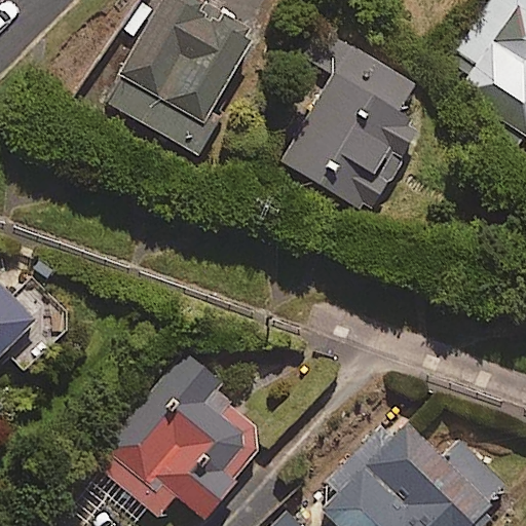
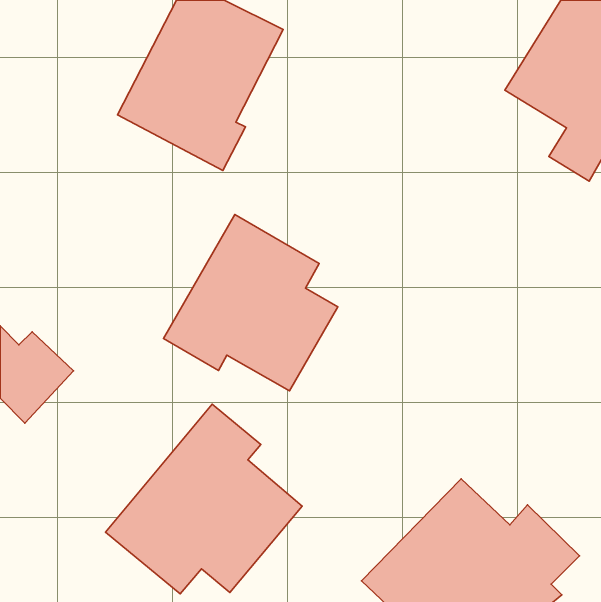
building: [280,33,418,212] -> none
building: none -> [163,214,338,391]

